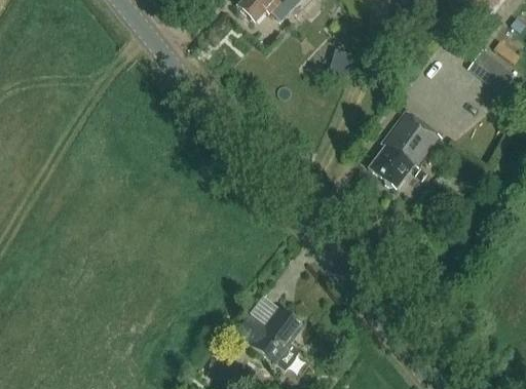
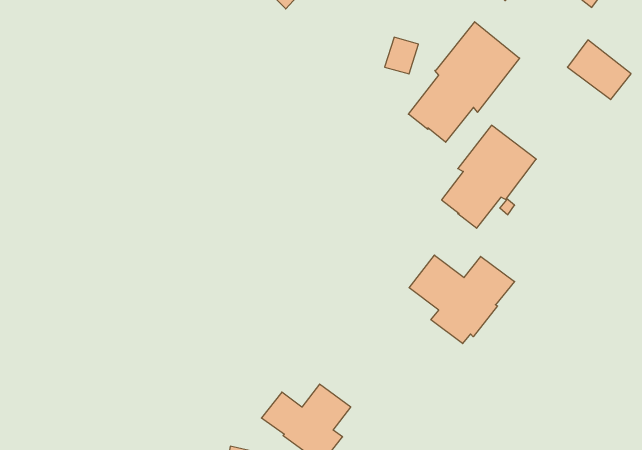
building: none -> [408,22,520,142]
building: none -> [409,255,515,344]

